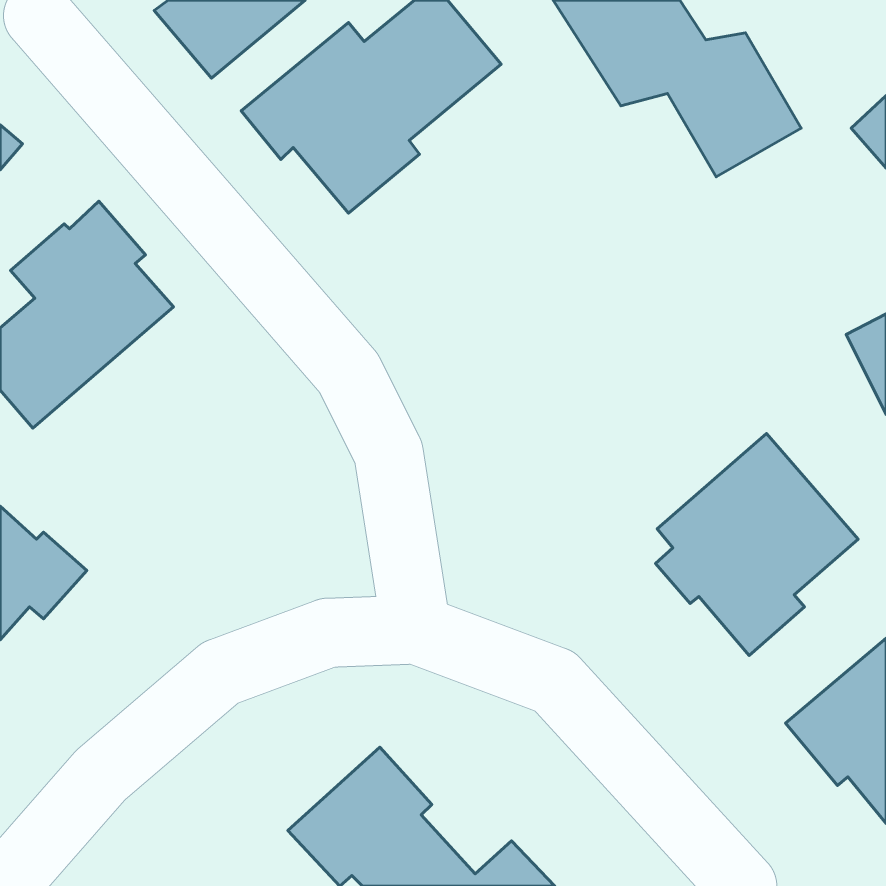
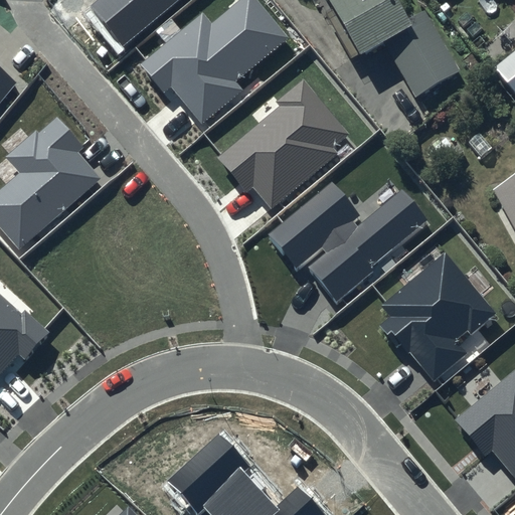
building: none -> [216,79,348,206]
building: none -> [270,184,426,302]

